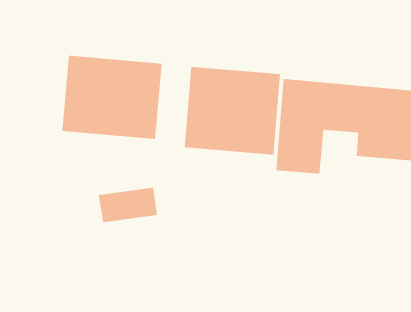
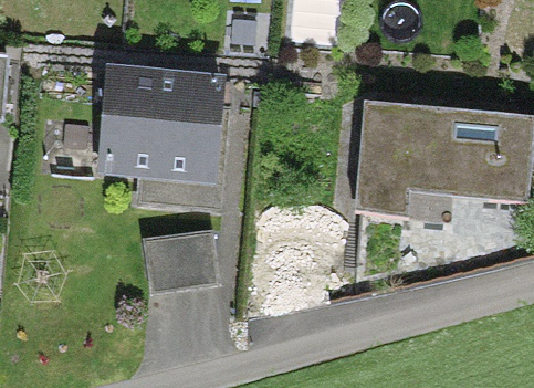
building: [184,66,280,155] -> none

